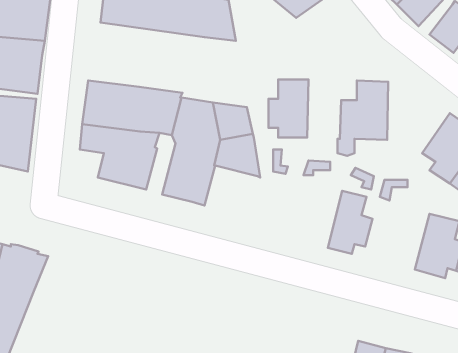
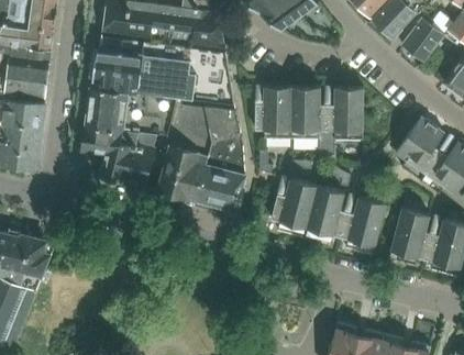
building: none -> [91,34,234,104]
building: none -> [290,86,321,140]
building: none -> [197,164,245,211]
building: none -> [279,180,322,238]
building: none -> [343,197,386,255]

